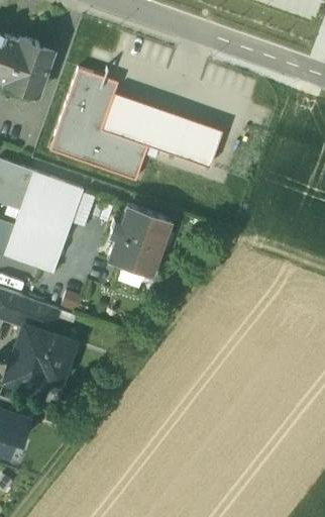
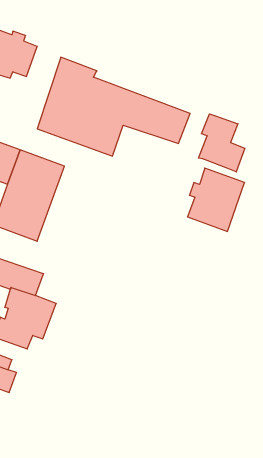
building: none -> [199,114,245,172]
building: [107,205,171,276] -> [188,168,245,231]

